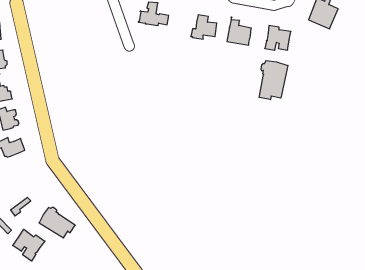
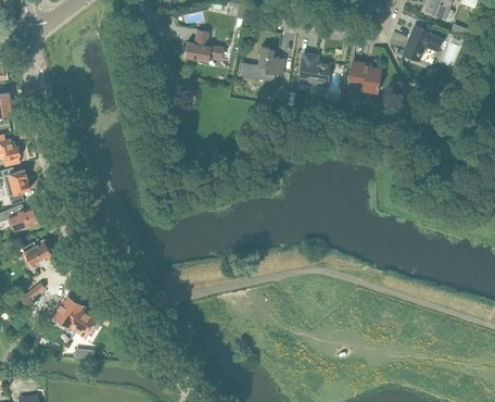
building: [259,61,288,100] -> none
building: none -> [22,240,53,268]
building: [13,229,45,261] -> none

